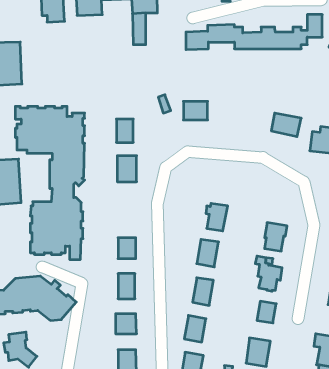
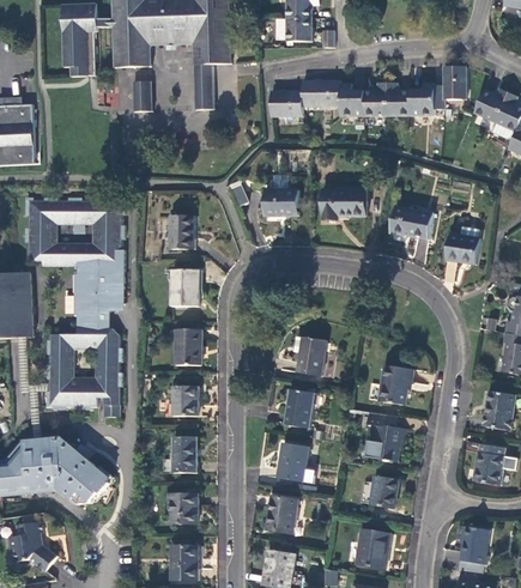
building: none -> [133,81,151,111]
building: none -> [323,190,368,220]
building: none -> [175,329,201,365]

